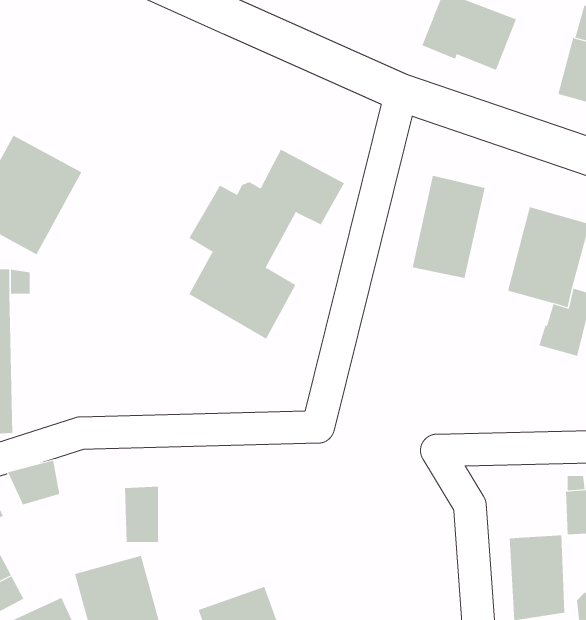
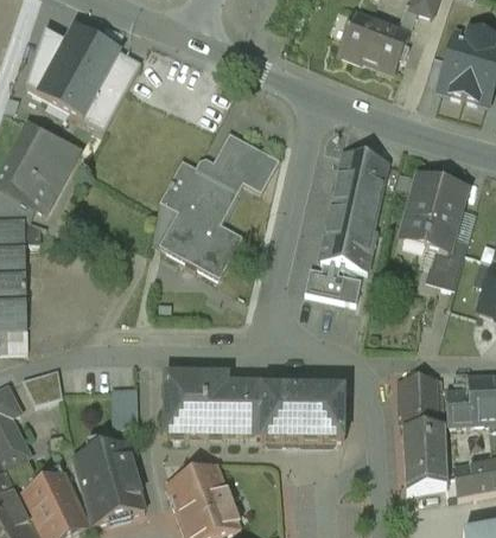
building: none -> [26,25,141,129]
building: none -> [322,220,375,268]
building: none -> [305,267,360,300]
building: none -> [165,372,344,441]
building: none -> [398,374,444,425]

